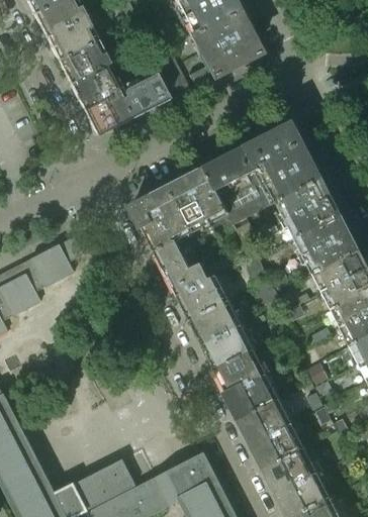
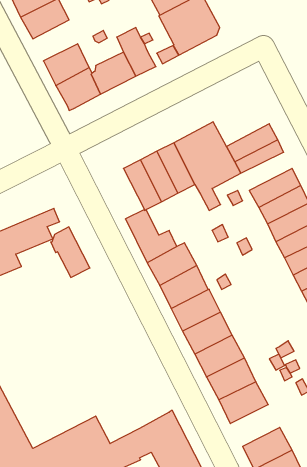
building: [56,39,106,83] -> none
building: [247,124,306,174] -> none
building: [276,180,331,220] -> none
building: [132,197,174,250] -> [51,227,90,277]
building: [265,447,317,492] -> none

